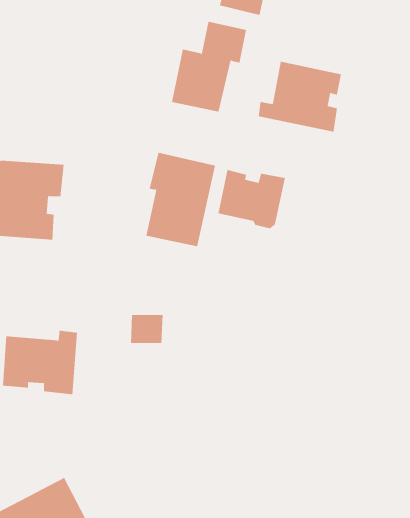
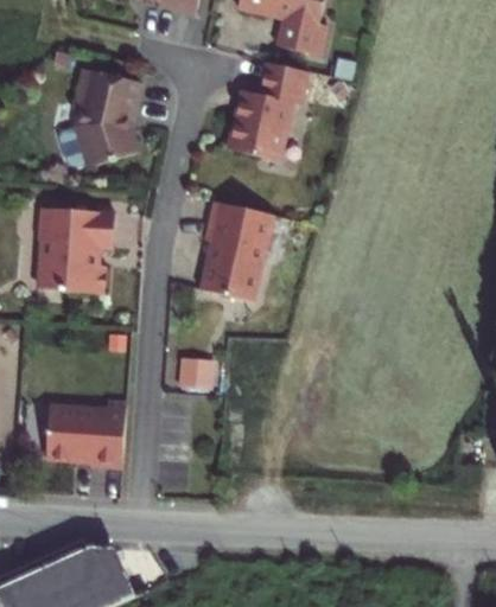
building: none -> [75,66,140,164]
building: [258,61,341,133] -> none
building: [218,169,286,229] -> none

